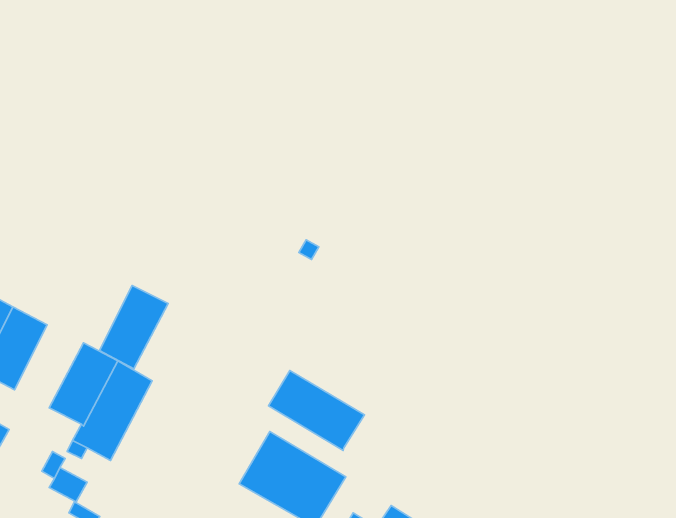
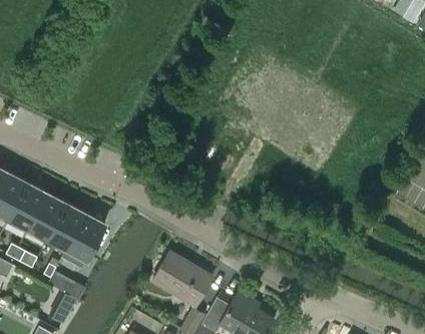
building: [99,286,168,369] -> [29,194,67,240]
building: [269,370,365,450] -> none

